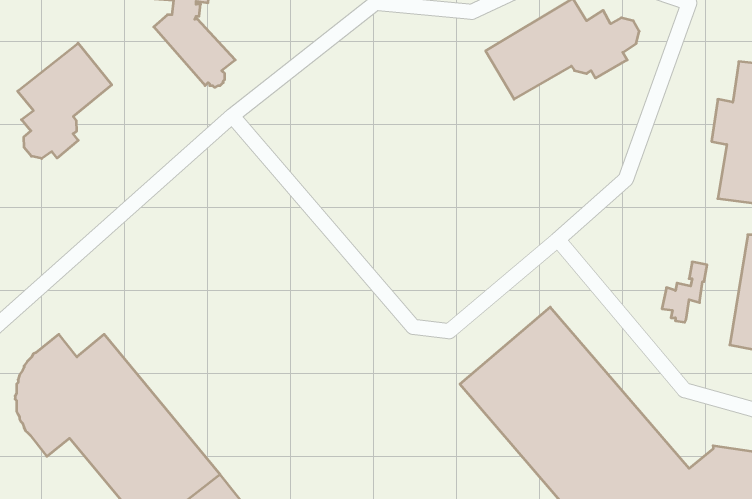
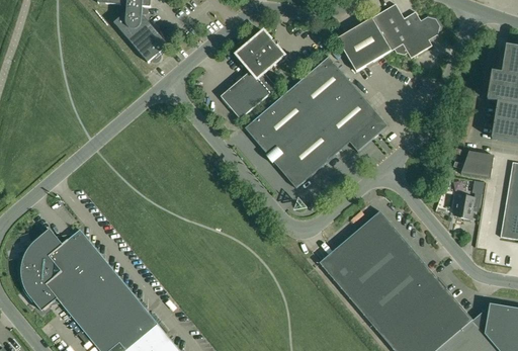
building: none -> [221,30,284,118]
building: [18,43,112,159] -> none
building: none -> [245,56,387,187]
building: none -> [460,151,493,178]

